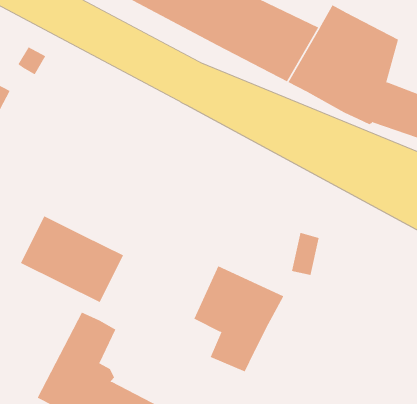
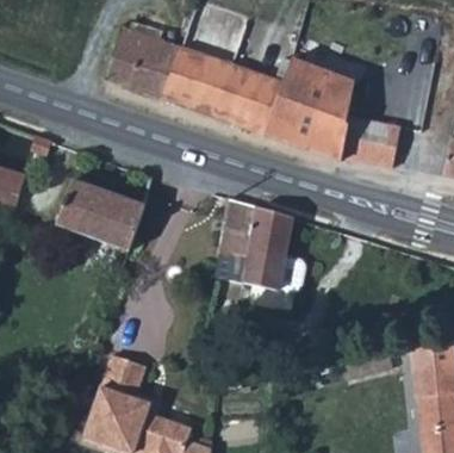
building: [20,216,124,303] -> [54,179,142,247]
building: [193,266,284,372] -> [220,200,296,288]

